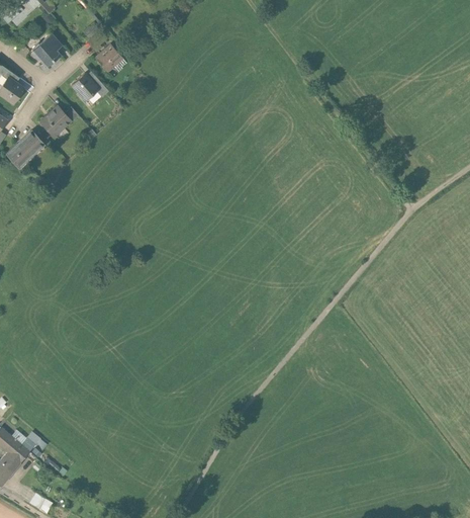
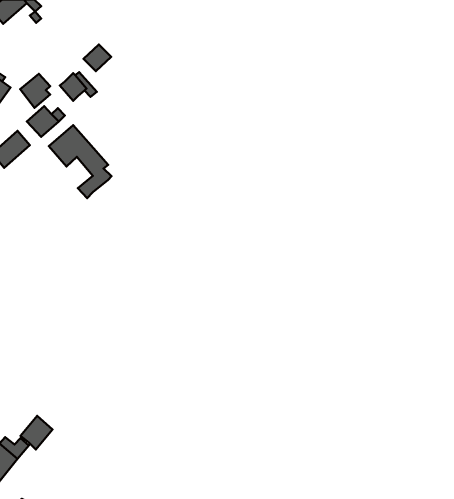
building: [31,33,61,67] -> [20,74,50,108]
building: none -> [49,125,112,198]
building: none -> [20,416,52,449]

